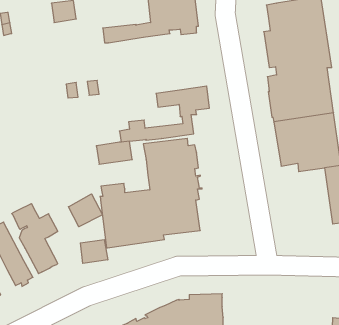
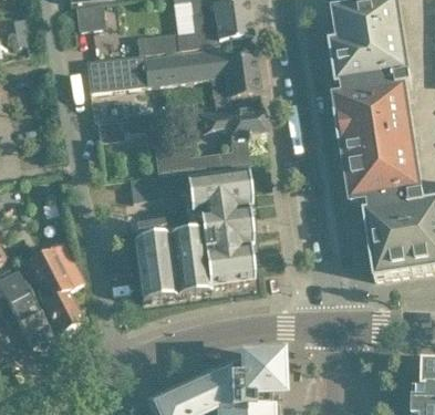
building: none -> [87,49,260,100]
building: none -> [365,206,414,279]
building: [68,194,102,227] -> none
building: [80,240,108,263] -> none

